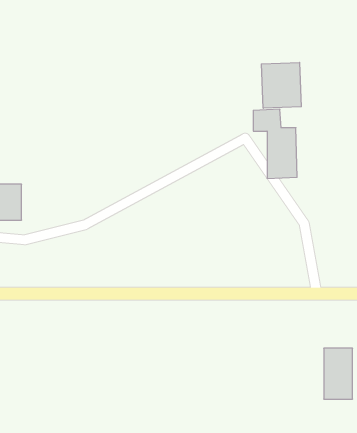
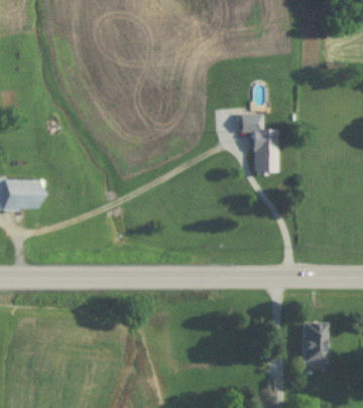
building: [261,62,301,108] -> none

